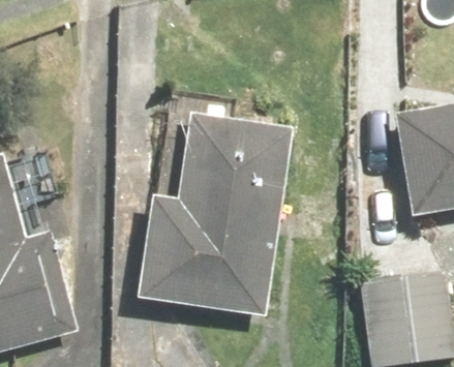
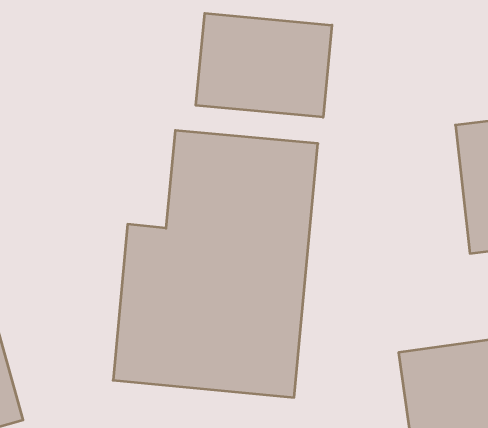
building: none -> [196,13,332,117]

